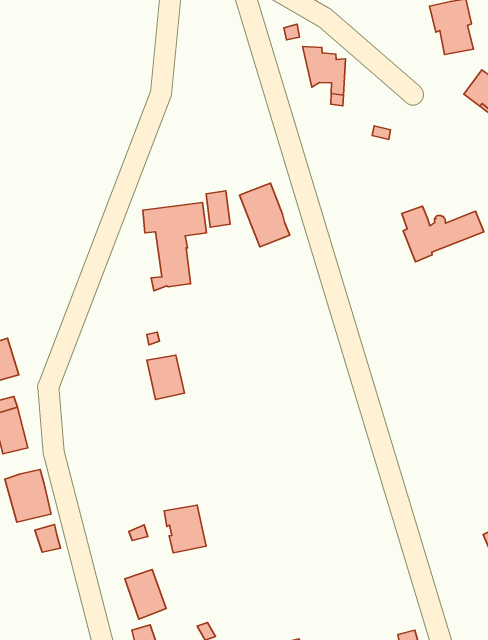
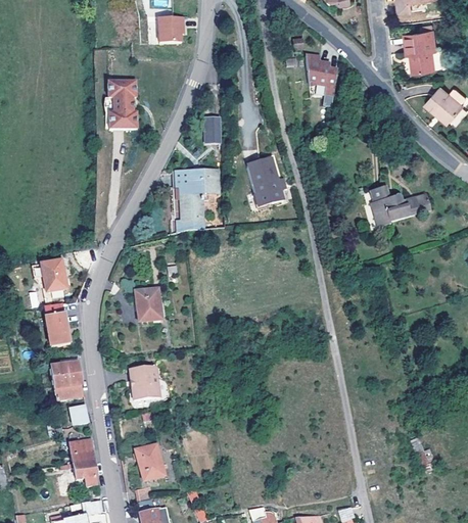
building: none -> [156,14,182,40]
building: none -> [107,81,137,129]
building: [206,191,230,227] -> [205,115,222,142]
building: [147,355,185,400] -> [135,288,161,321]
building: [164,505,206,553] -> [129,366,158,400]
building: none -> [68,438,97,486]

